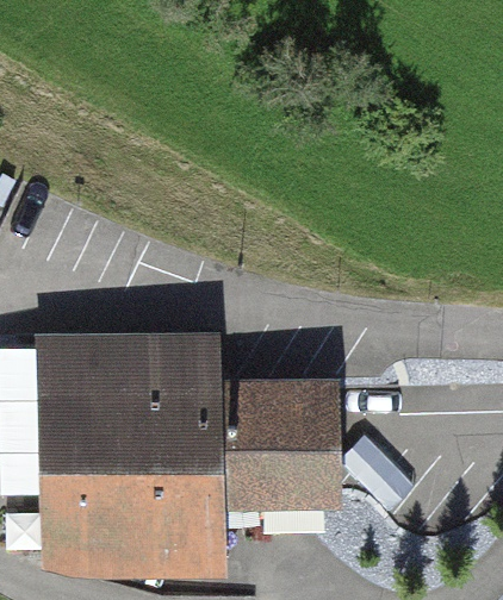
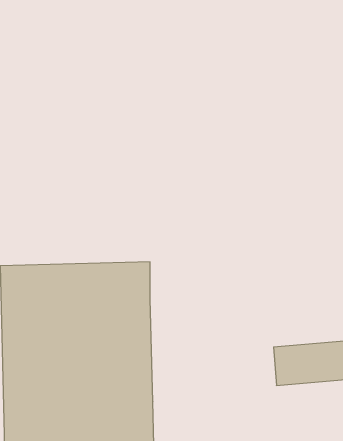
building: [221,382,341,512] -> none

